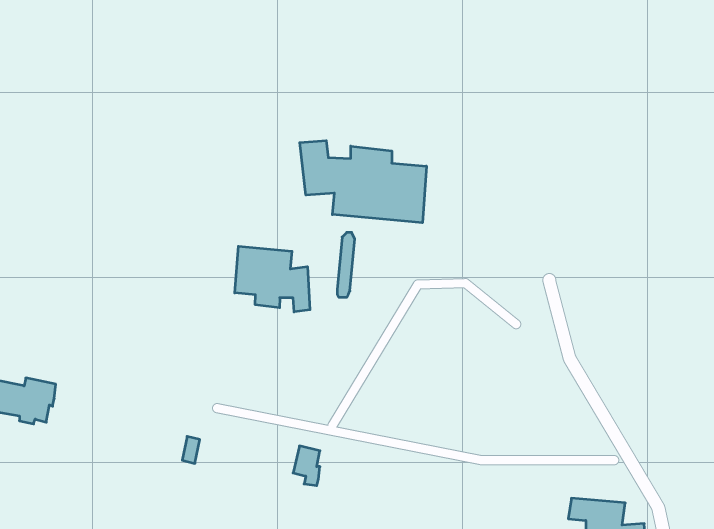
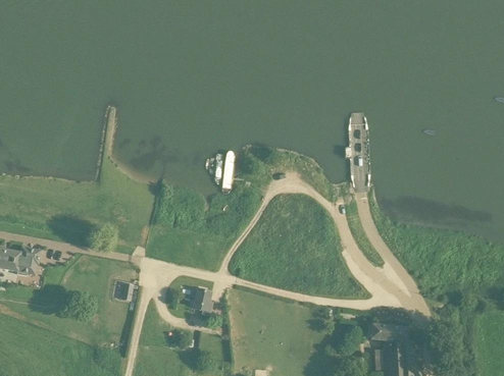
building: [300,141,426,223] -> none
building: [235,246,310,312] -> none

